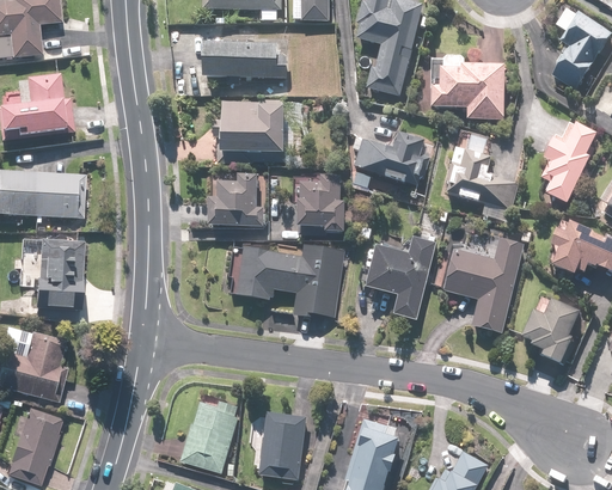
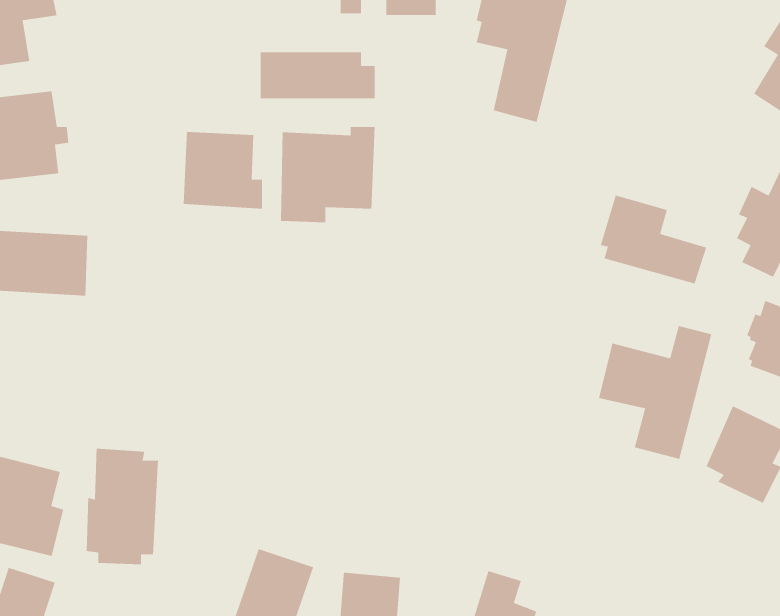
building: [432,59,506,121] -> none
building: [355,131,430,186] -> none
building: [296,173,344,232] -> none
building: [209,174,265,229] -> [183,131,263,210]
building: [33,232,85,314] -> [86,448,159,565]
building: [366,237,435,319] -> none
building: [238,245,345,317] -> none

